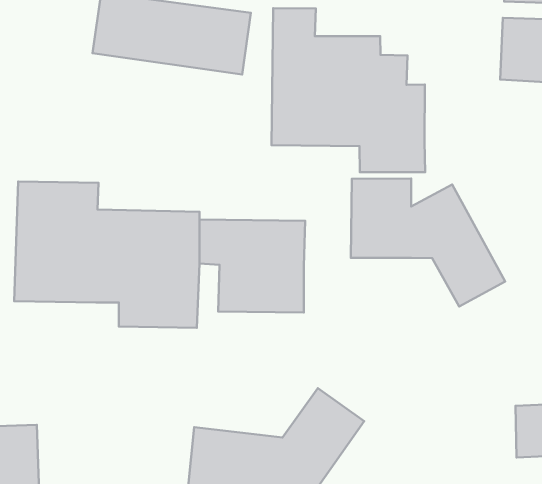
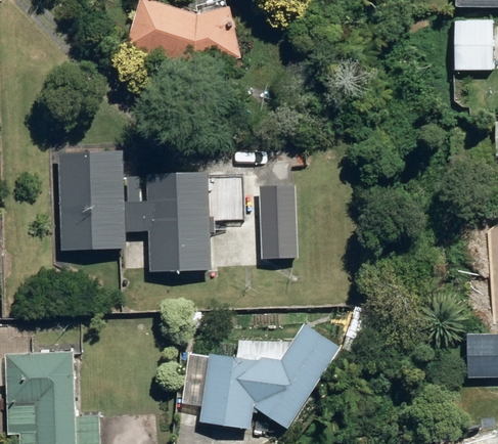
building: [271,8,425,172] -> none
building: [351,179,505,307] -> none

